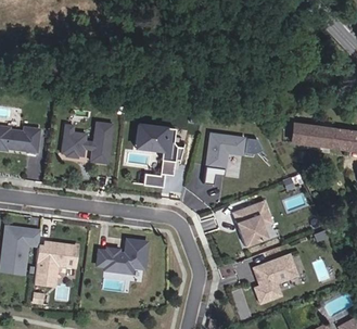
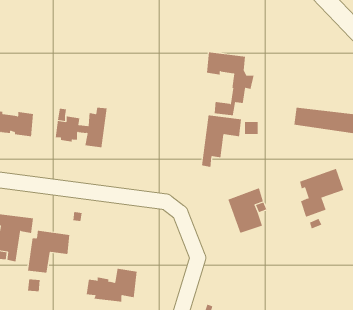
building: [136,125,183,188] -> [206,52,255,116]
building: [95,241,146,275] -> [86,268,138,302]
building: [253,256,297,305] -> [299,168,344,218]

